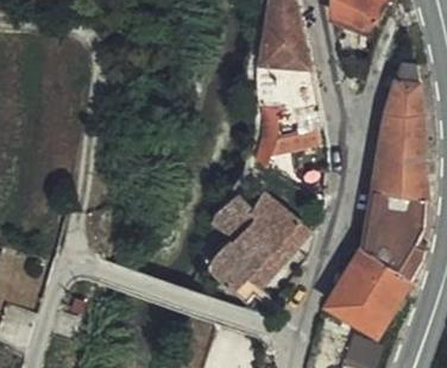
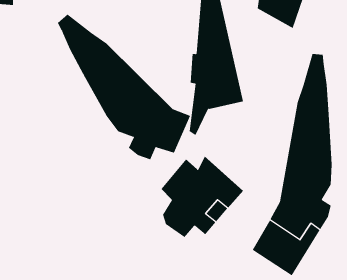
building: none -> [57,14,191,160]

